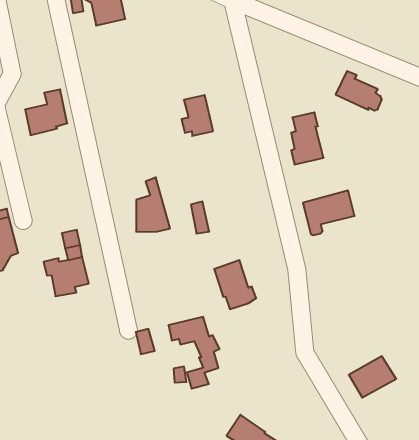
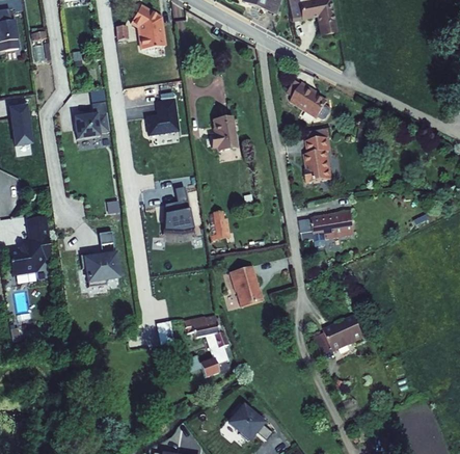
building: [336,71,382,111] -> [290,82,330,118]
building: none -> [145,99,178,133]
building: [349,356,396,398] -> [323,315,364,350]

